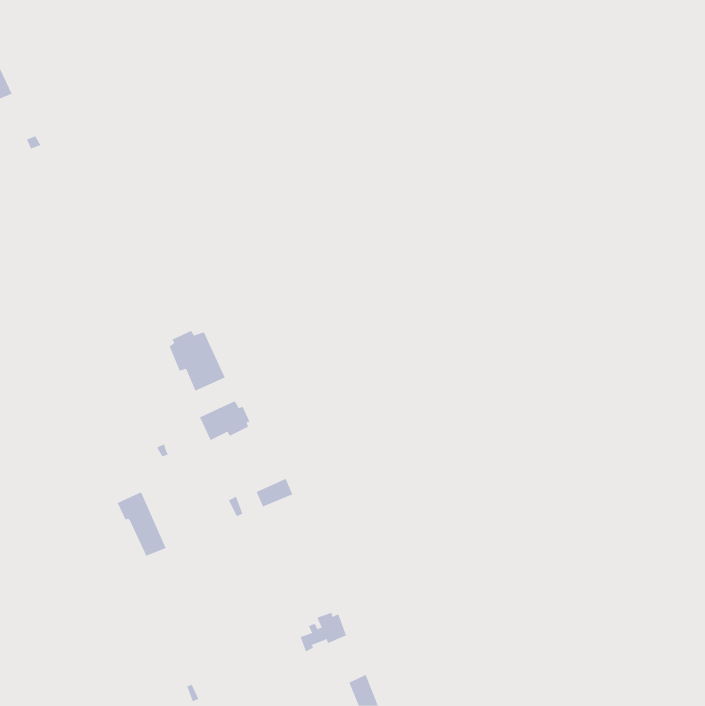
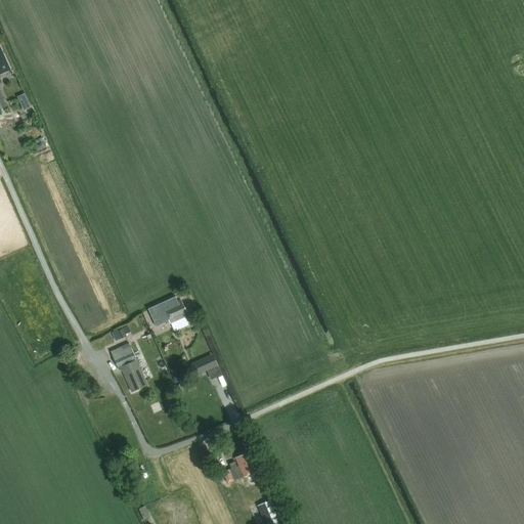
building: [169,330,225,392] -> none
building: [117,492,167,557] -> [110,344,146,392]

